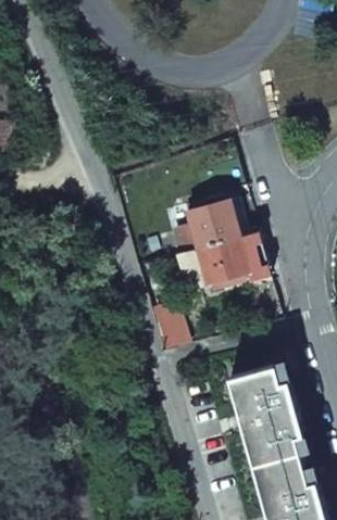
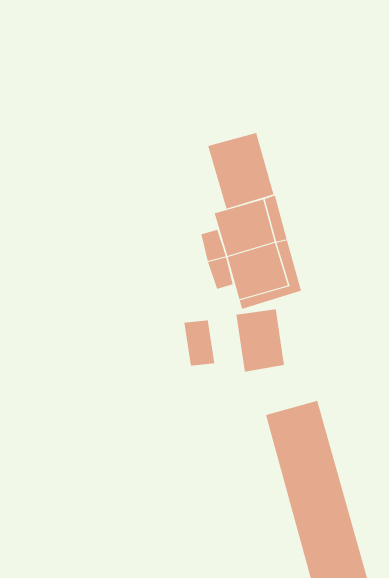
building: none -> [208,132,274,210]
building: none -> [236,309,285,373]

